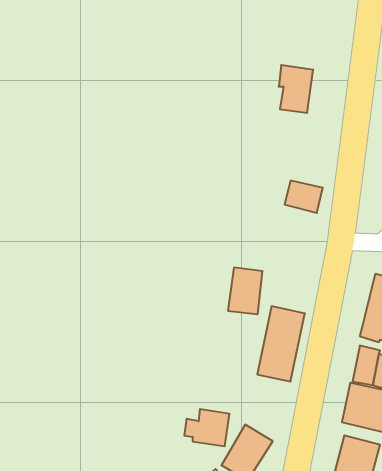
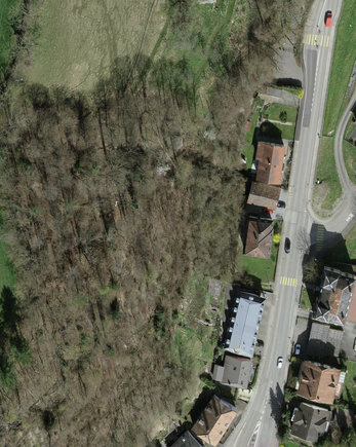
building: [279,65,313,113] -> [255,138,285,179]
building: [228,268,263,314] -> [244,211,274,251]
building: [184,409,230,446] -> [212,353,251,385]

